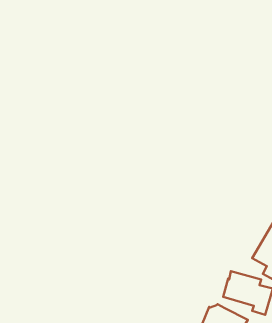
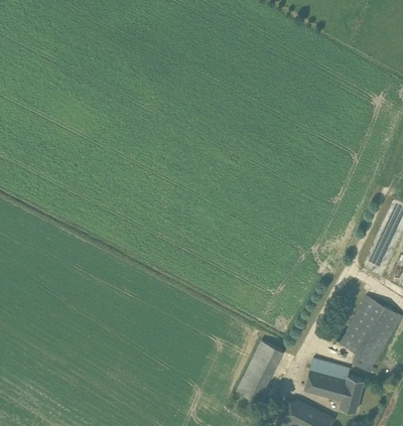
building: none -> [238,338,284,399]

